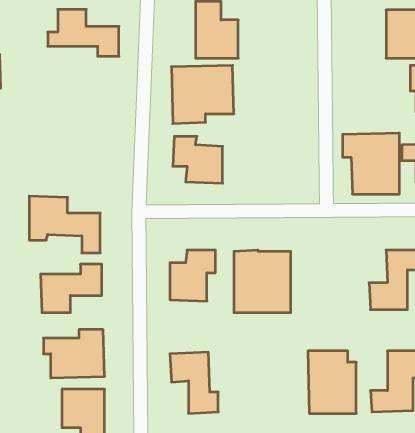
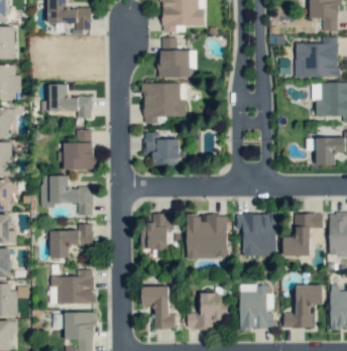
building: [48,9,119,56] -> [41,85,92,118]
building: none -> [60,130,93,170]
building: [343,133,399,194] -> [236,213,276,256]
building: none -> [188,294,228,329]

